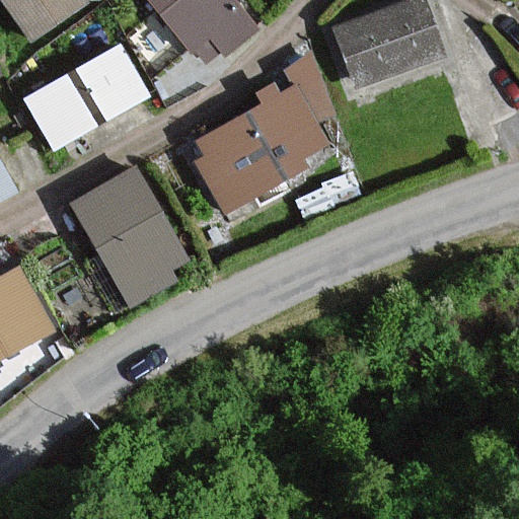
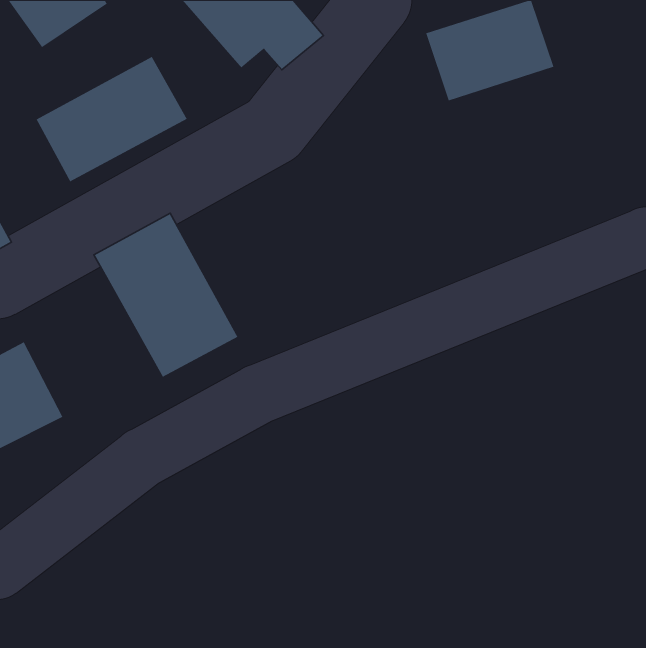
building: [194,87,318,210] -> none

